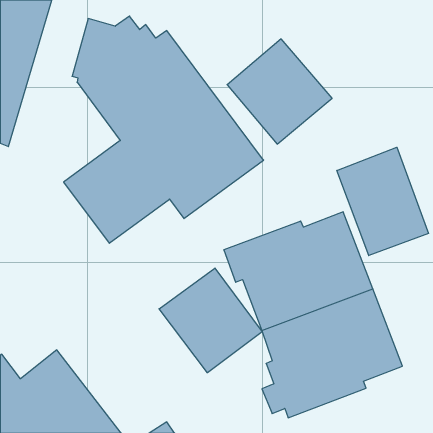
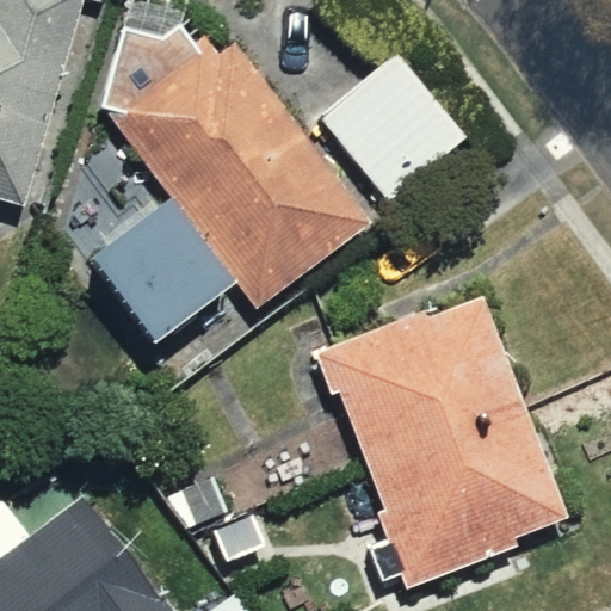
building: [337,147,428,256] -> none
building: [159,268,262,373] -> none

